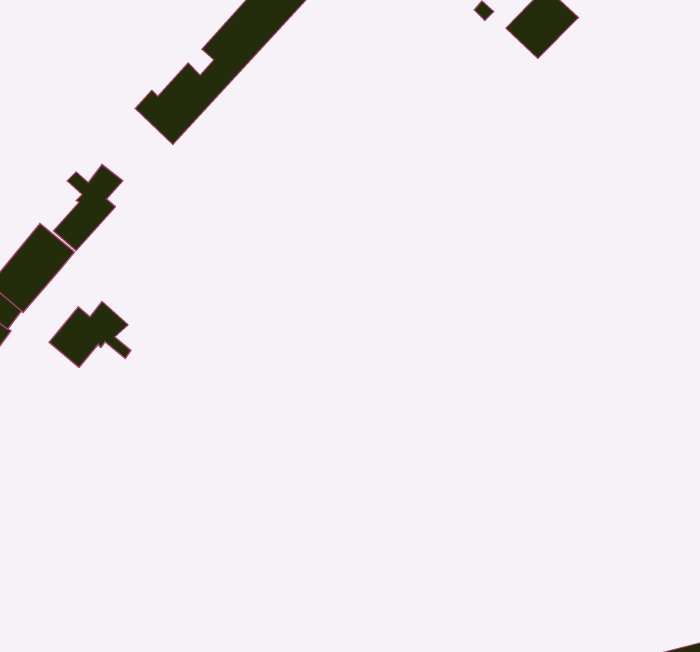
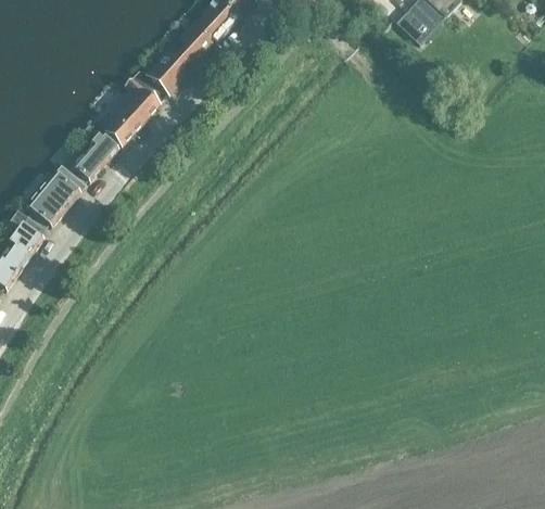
building: none -> [106,79,157,137]
building: [49,302,131,367] -> none

